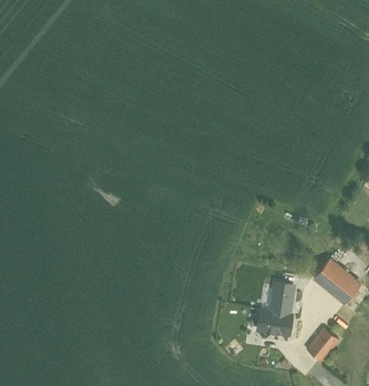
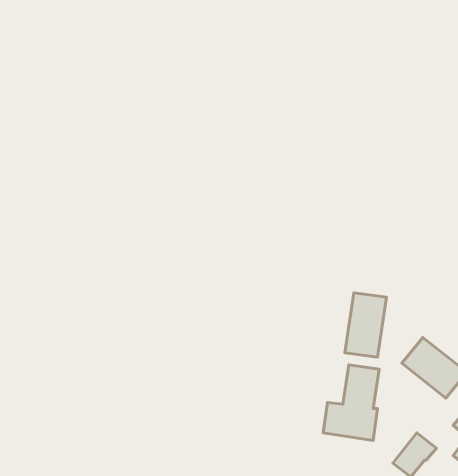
building: none -> [345,293,387,357]

